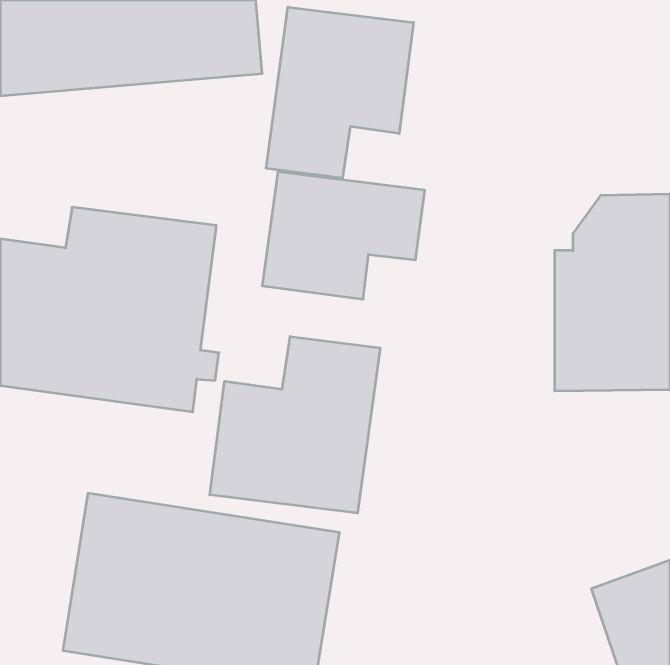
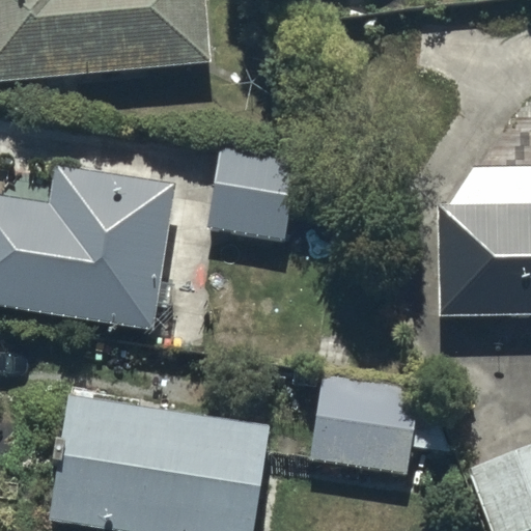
building: [266,7,414,178] -> none
building: [210,336,380,513] -> none
building: none -> [308,374,425,477]

